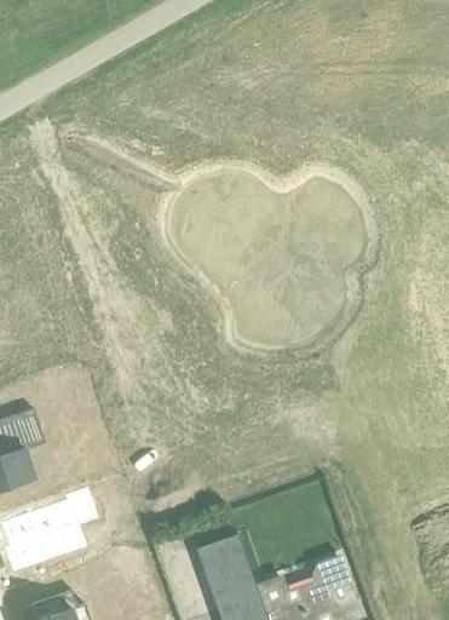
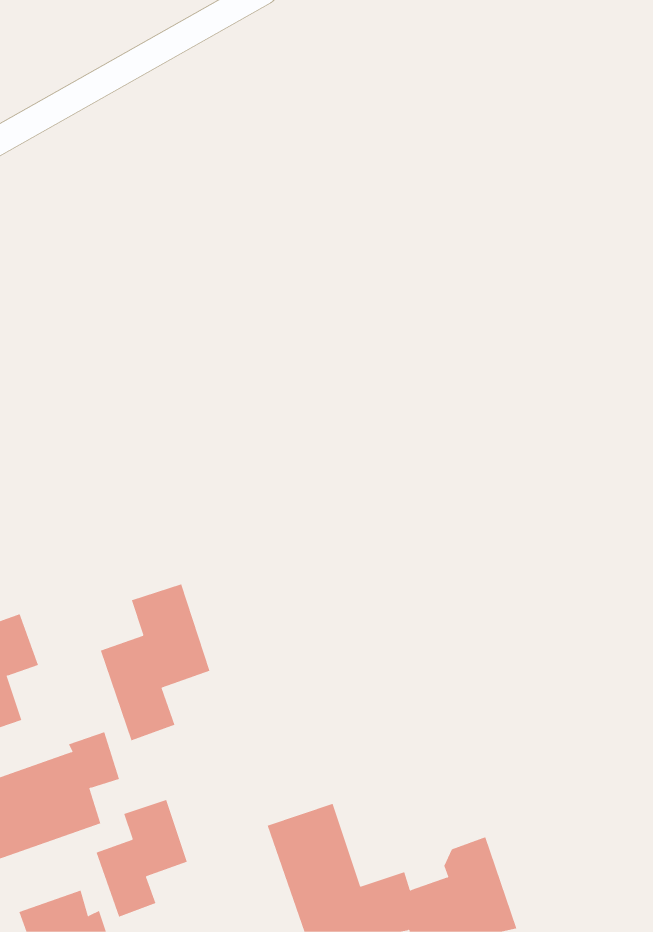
building: none -> [100,583,210,741]
building: none -> [96,799,187,917]

